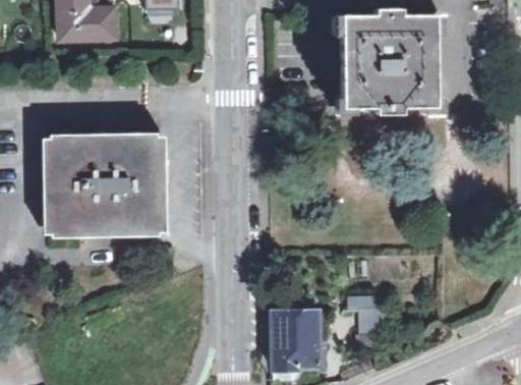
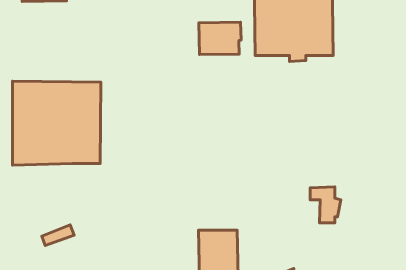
building: none -> [199,22,241,55]
building: [348,297,385,340] -> [310,187,341,223]

